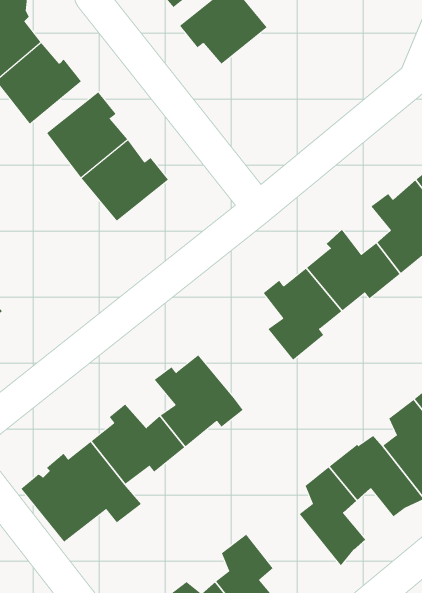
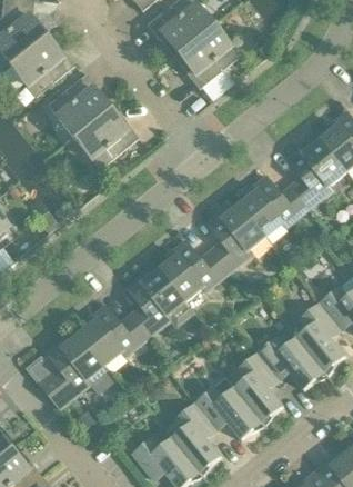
building: none -> [176,24,238,89]
building: none -> [160,240,230,300]
building: none -> [195,378,265,439]

